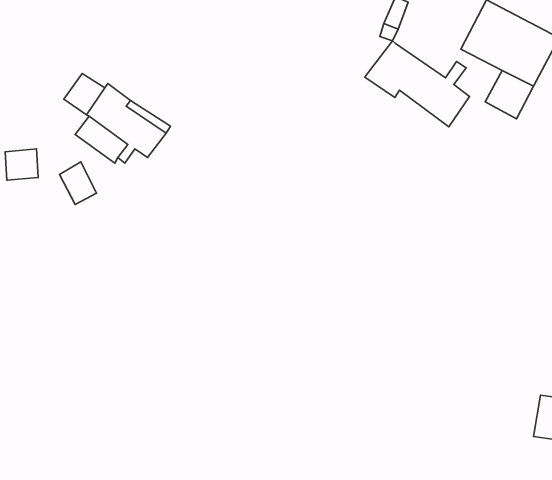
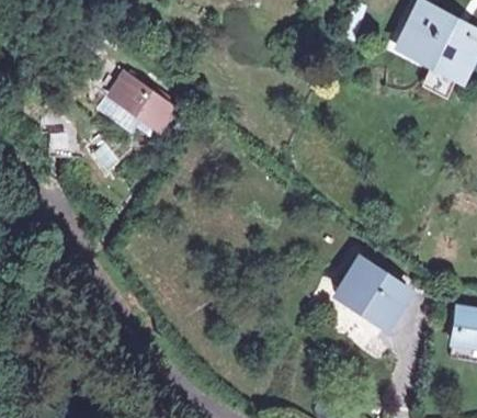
building: [365,41,469,127] -> none
building: none -> [343,267,401,329]

